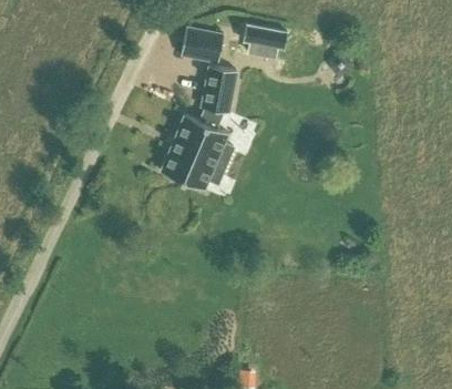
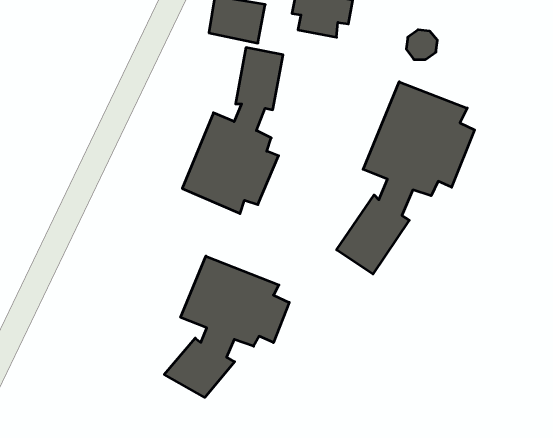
building: none -> [337,82,475,274]
building: none -> [164,256,289,397]

